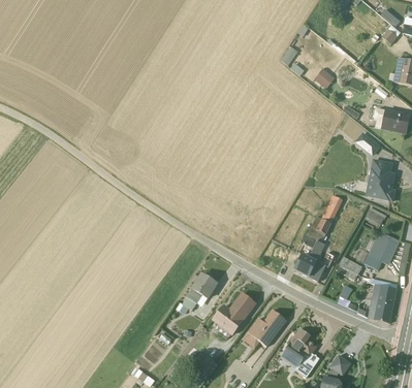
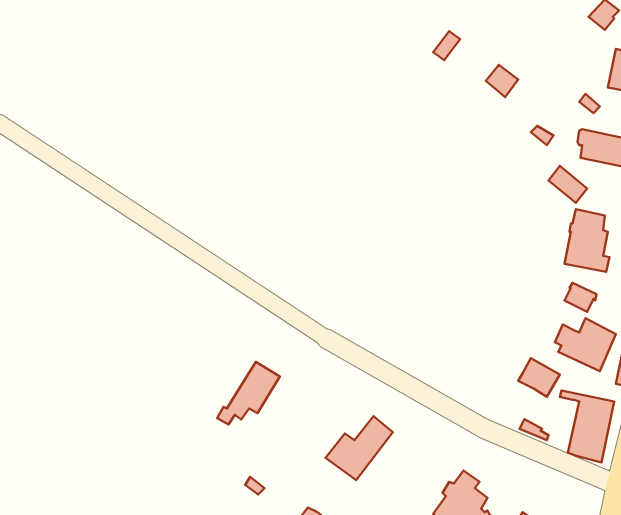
building: [294,195,343,282] -> none
building: [177,273,217,314] -> [217,362,280,424]
building: [243,310,286,348] -> none

